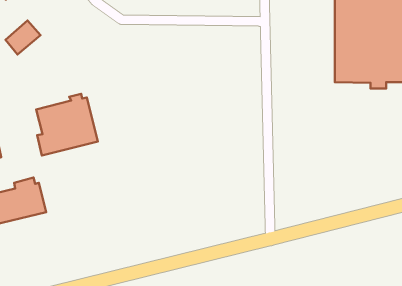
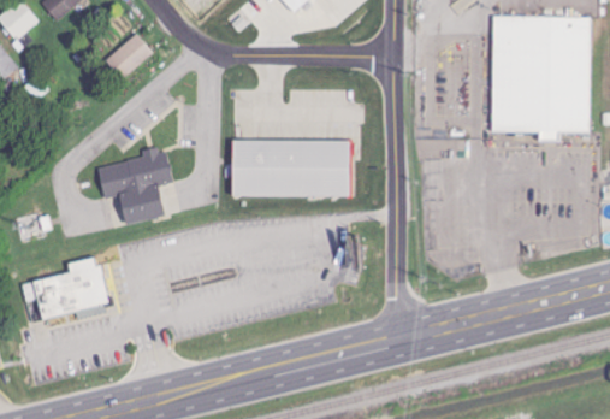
building: [6,21,40,54] -> [107,34,153,78]
building: none -> [233,140,351,197]

